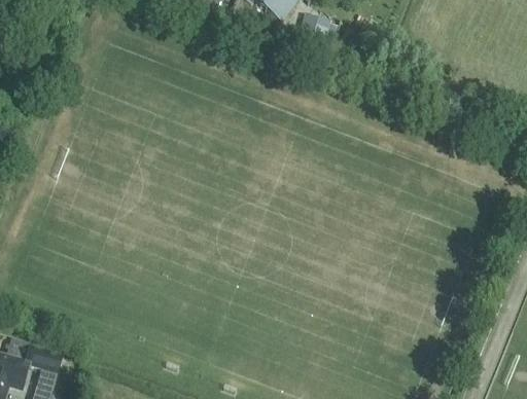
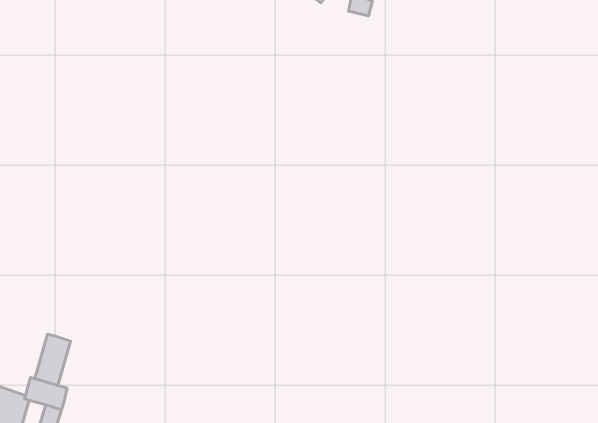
building: none -> [35,334,71,385]

